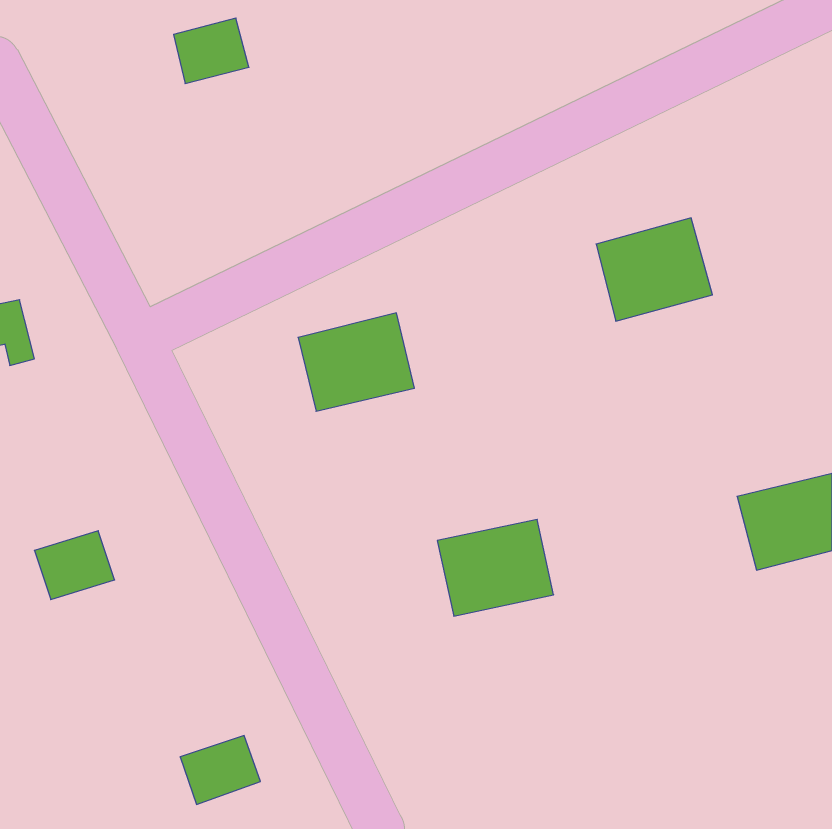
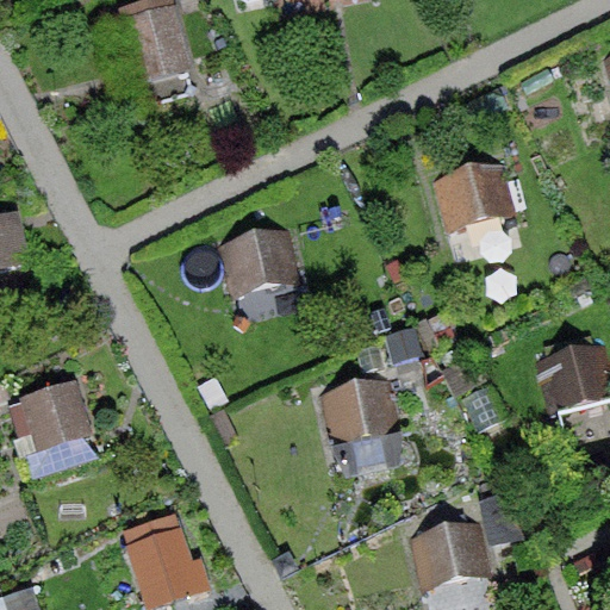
building: none -> [409,518,496,592]

